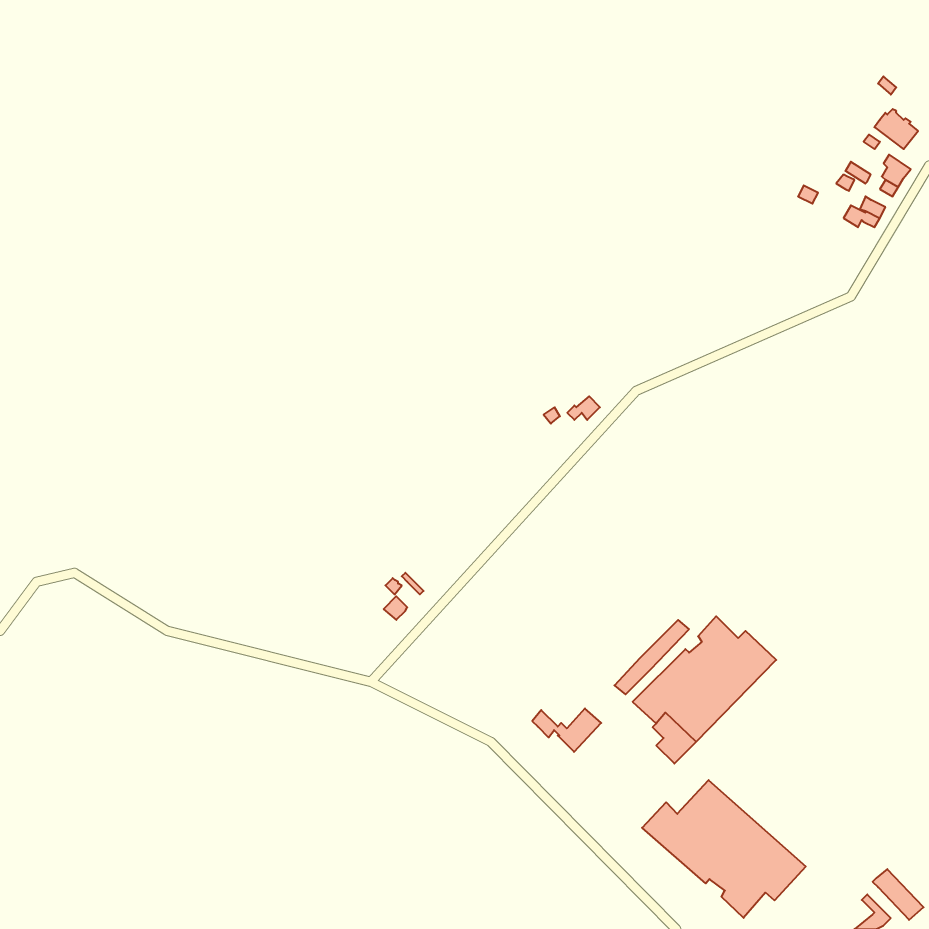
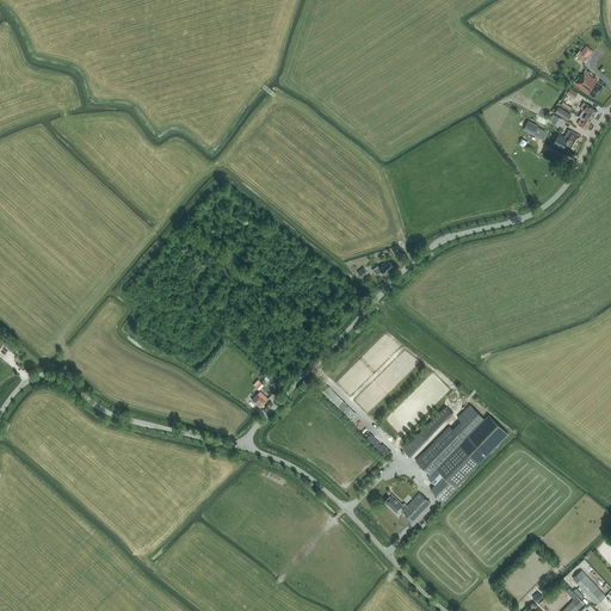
building: [532,708,601,752] -> [385,493,431,521]
building: [642,780,806,918] -> none

